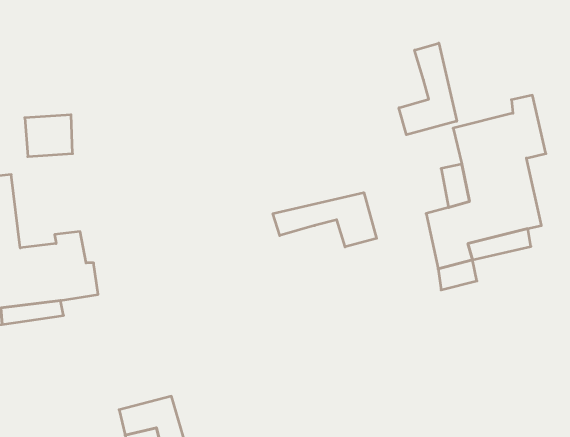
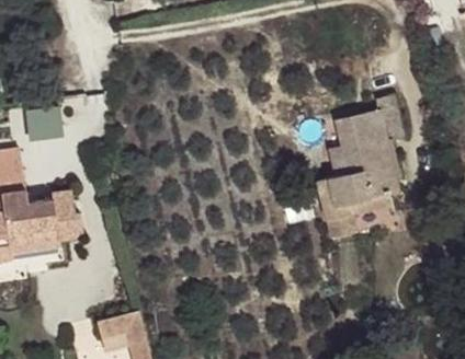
building: [399,43,457,135] -> none
building: [273,193,377,247] -> none

